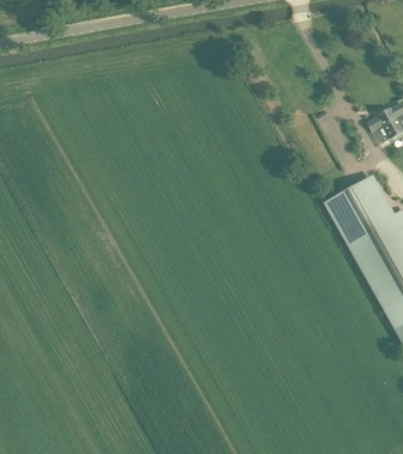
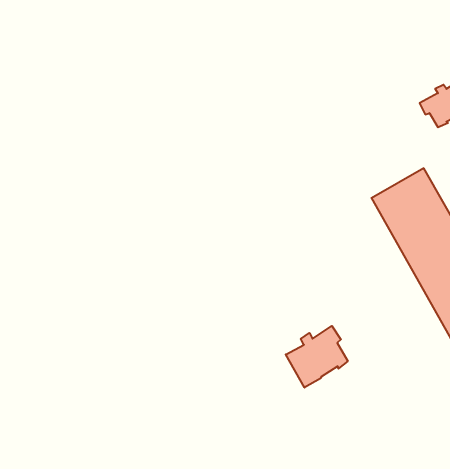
building: none -> [286,326,348,388]

